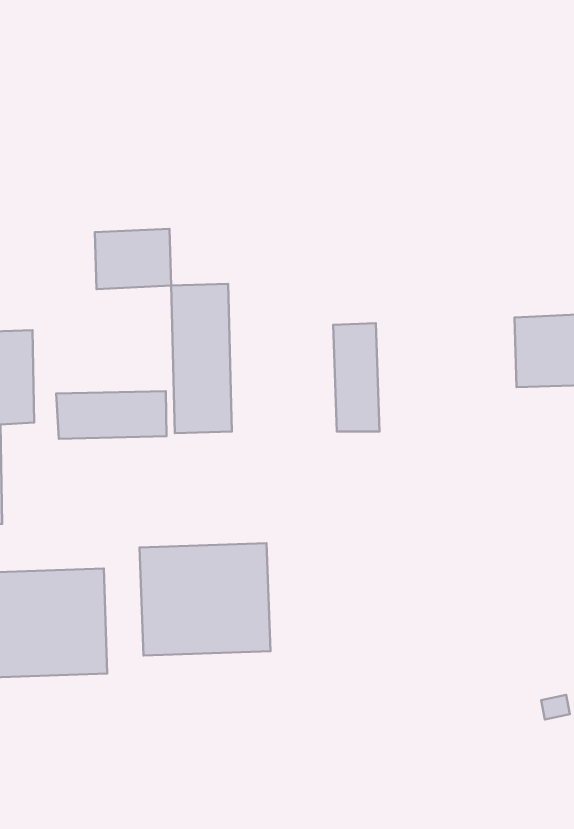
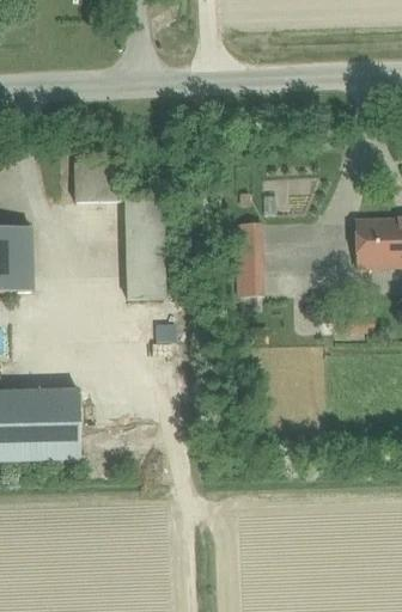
building: [56,391,166,439] -> none
building: [140,543,270,655] -> none

